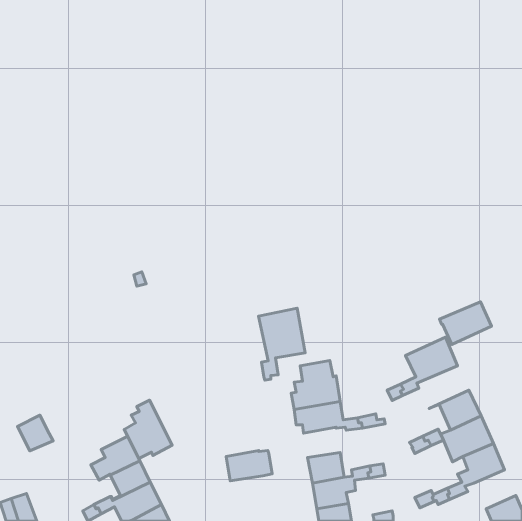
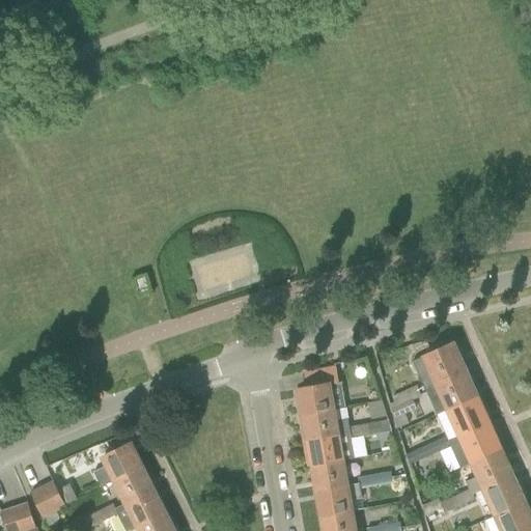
building: [439,302,492,345] -> [423,371,476,415]
building: [258,308,305,380] -> none
building: [124,400,172,458] -> none
building: [17,415,53,451] -> [30,481,66,518]
building: [226,450,272,481] -> [308,434,355,465]
building: none -> [481,477,524,516]

